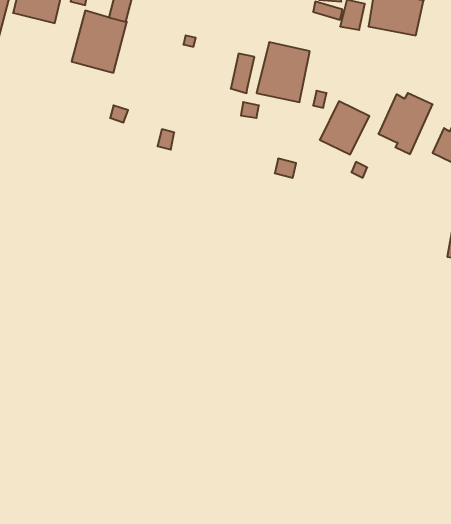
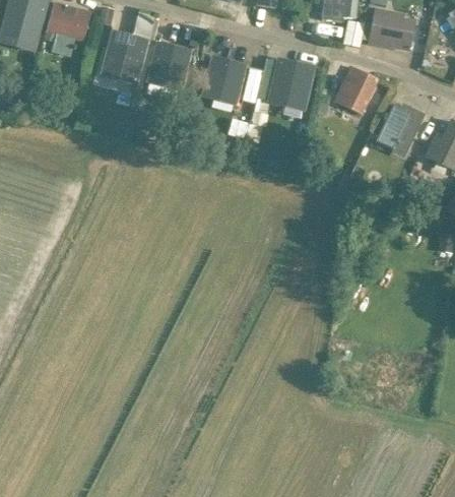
building: none -> [149,44,191,88]
building: none -> [205,58,246,103]
building: [320,101,369,154] -> [335,66,380,114]

